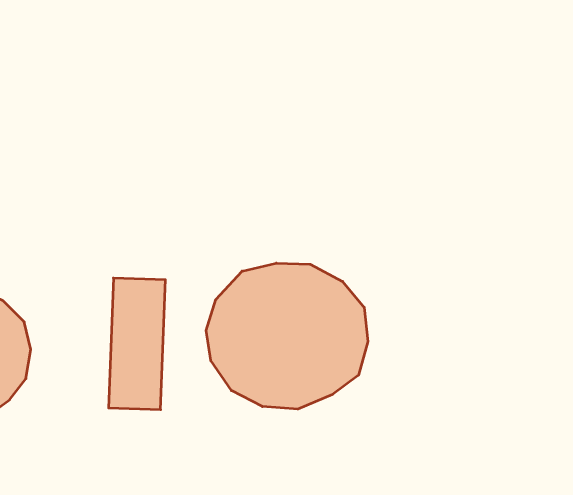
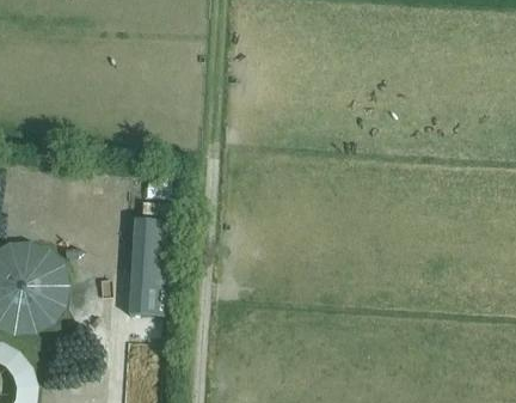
building: [206,263,368,409] -> none

